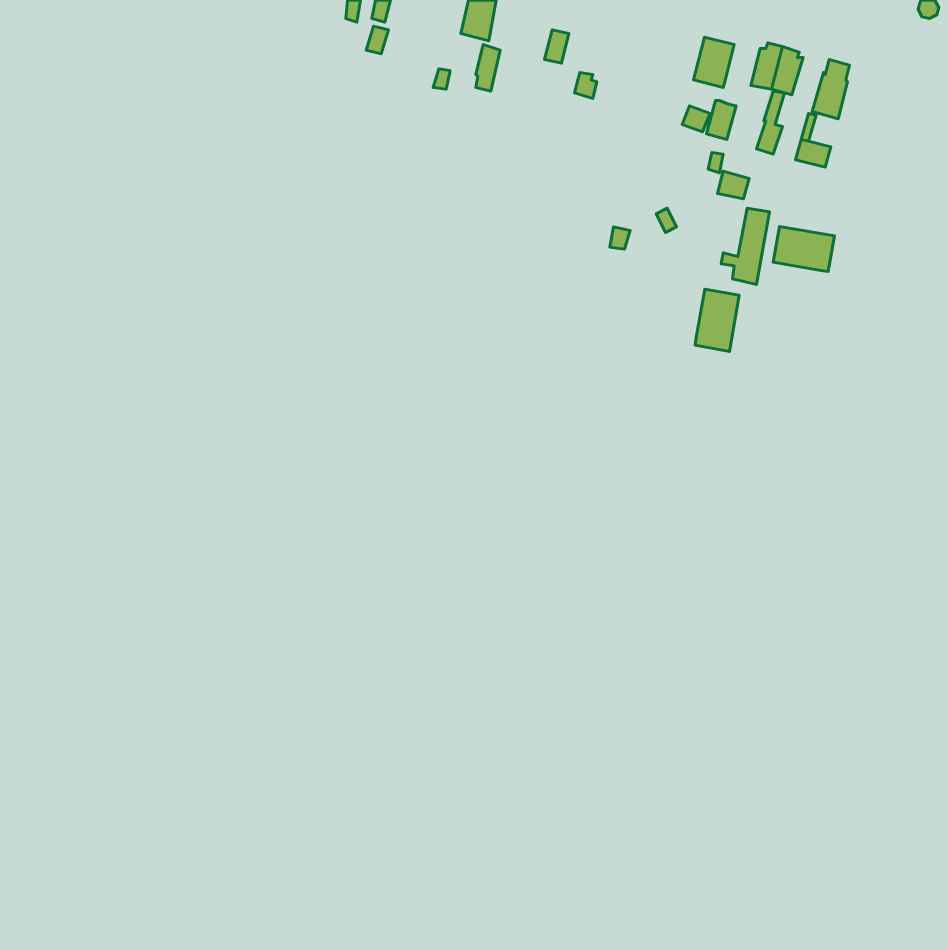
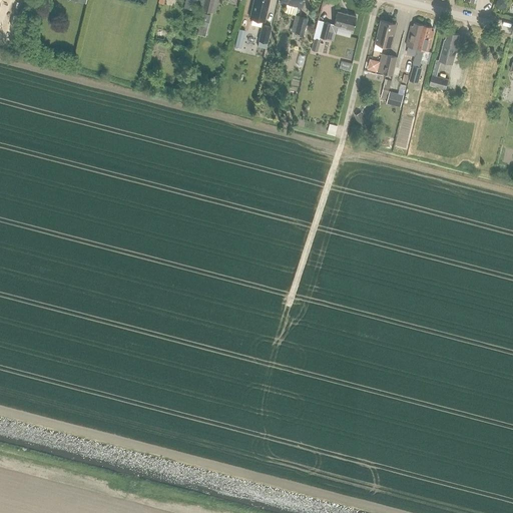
building: none -> [319,12,355,40]
building: [773,227,834,271] -> none
building: [695,289,739,351] -> none

